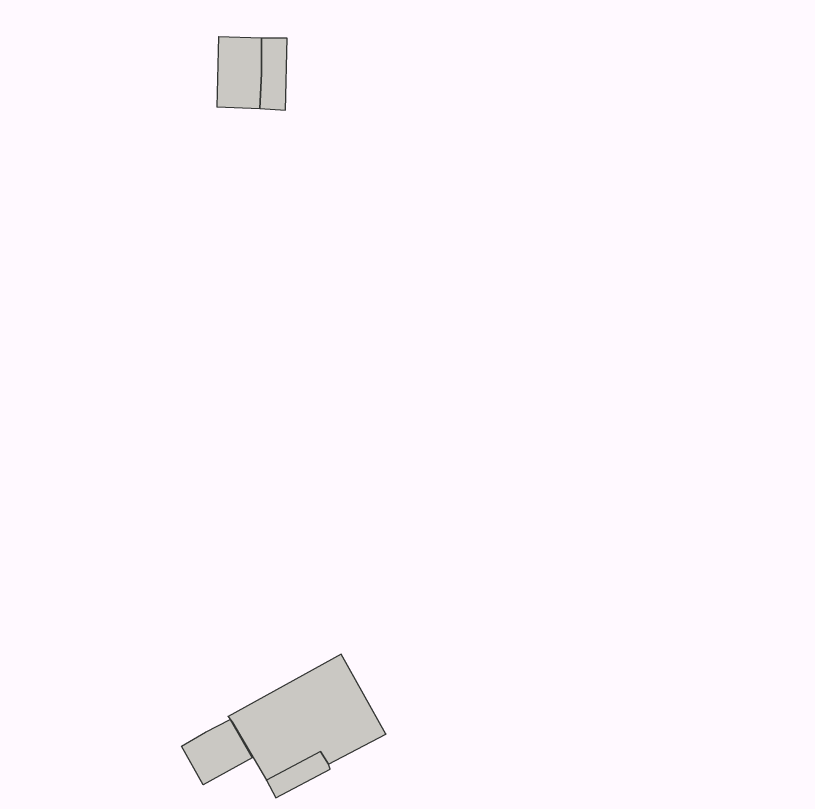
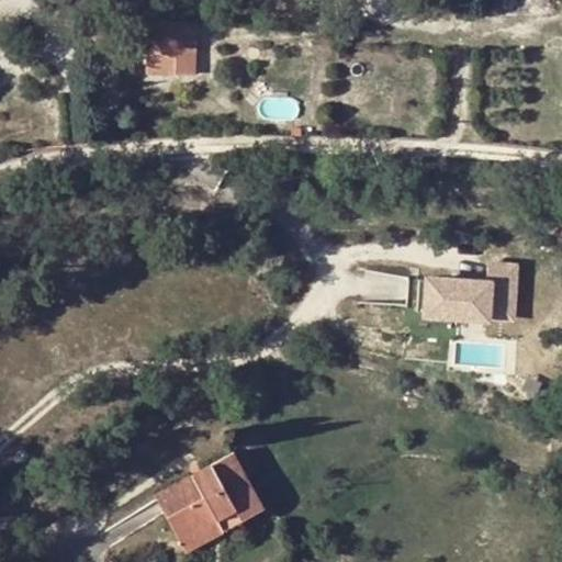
building: none -> [418,262,512,316]
building: [182,719,252,785] -> none

